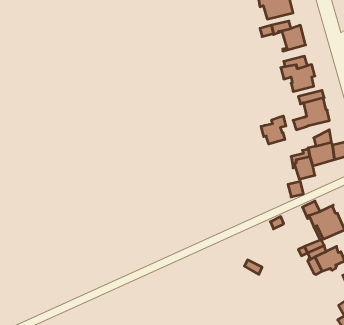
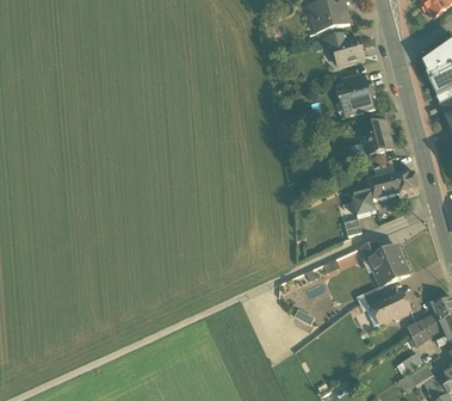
building: [261,116,286,144] -> none

